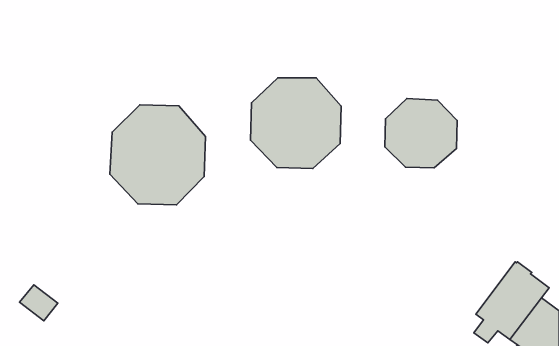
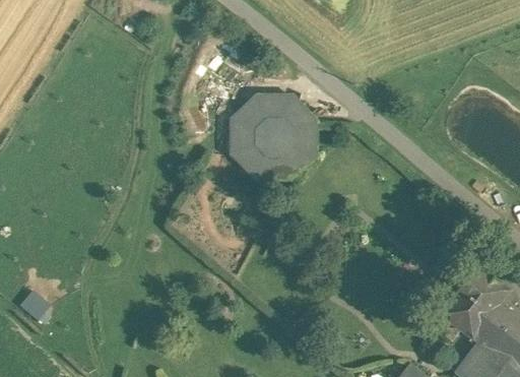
building: [385,99,457,168] -> none
building: [110,105,205,205] -> none

